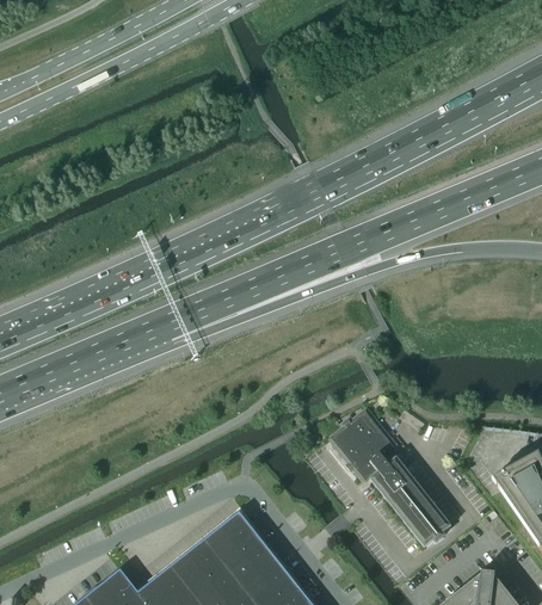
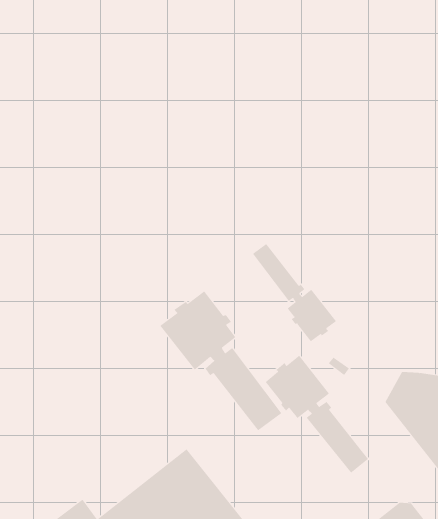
building: none -> [252,243,337,342]
building: none -> [160,291,282,431]

